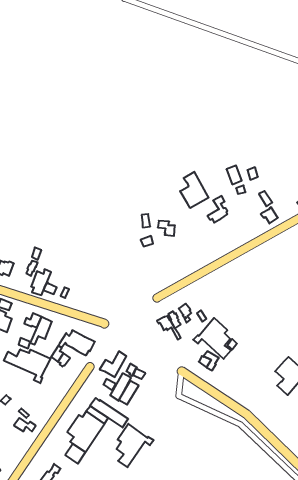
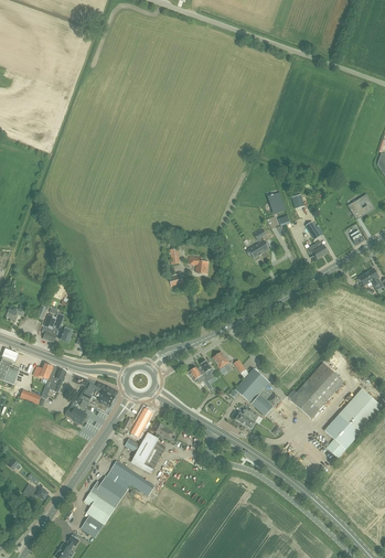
building: [180,172,209,208] -> none
building: none -> [289,363,342,418]
building: [4,349,51,383] -> none
building: [117,424,154,467] -> none

